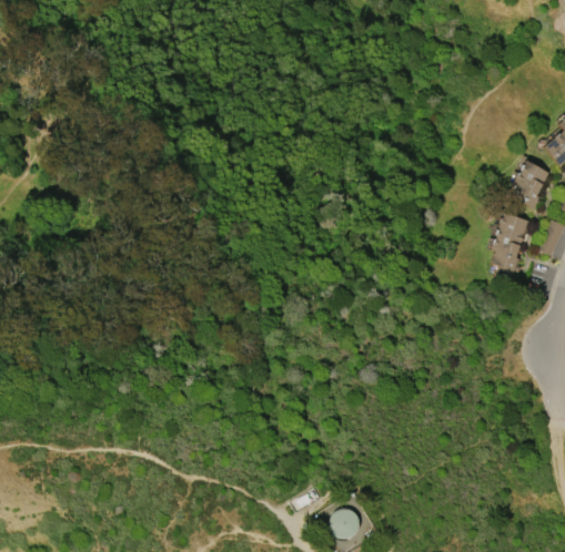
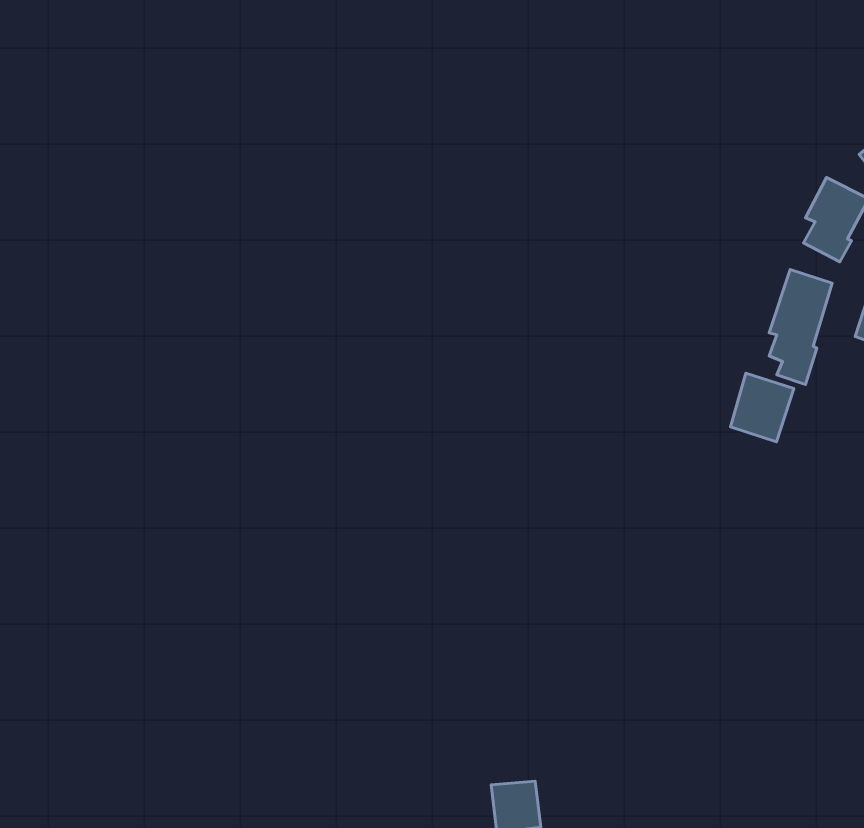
building: none -> [730,373,794,442]

